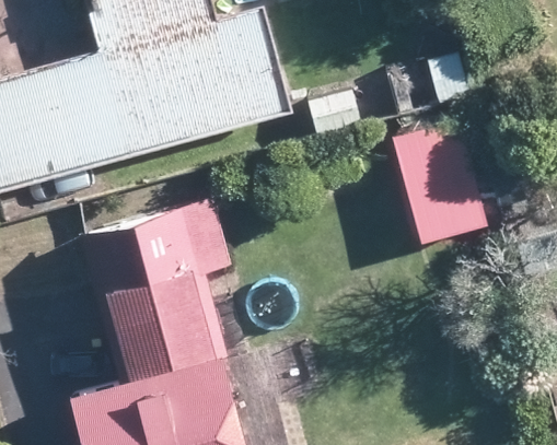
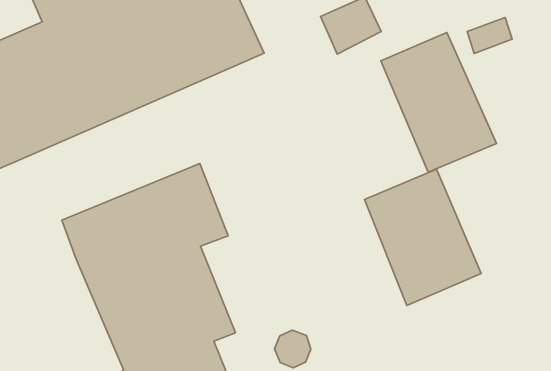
building: none -> [365,169,481,305]

